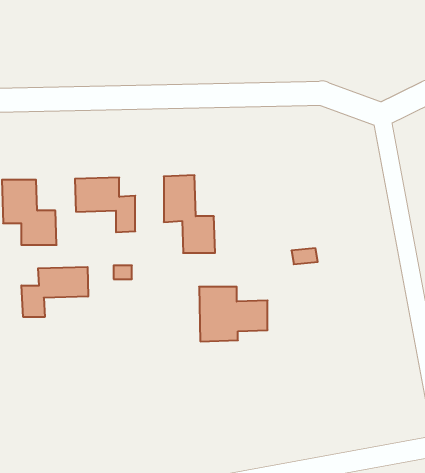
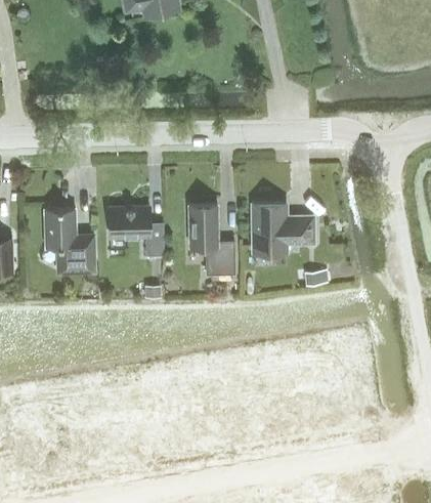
building: [21,267,88,317] -> none
building: [199,287,268,341] -> [252,204,313,253]

